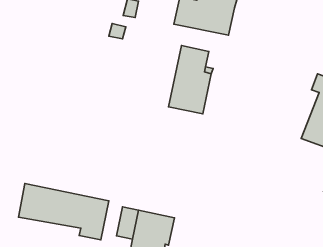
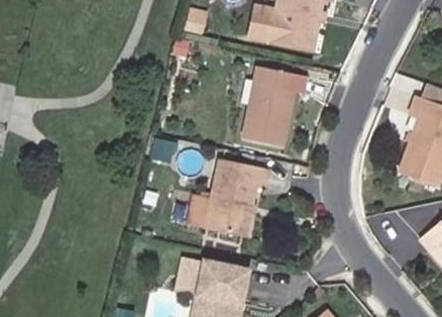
building: none -> [204,161,266,236]
building: [19,184,109,240] -> none

